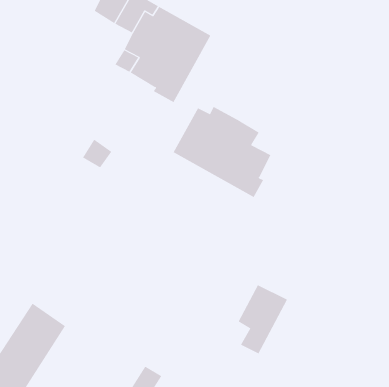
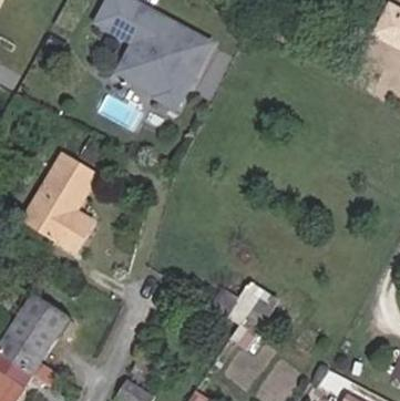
building: [173,106,271,198] -> none
building: none -> [24,156,95,250]

